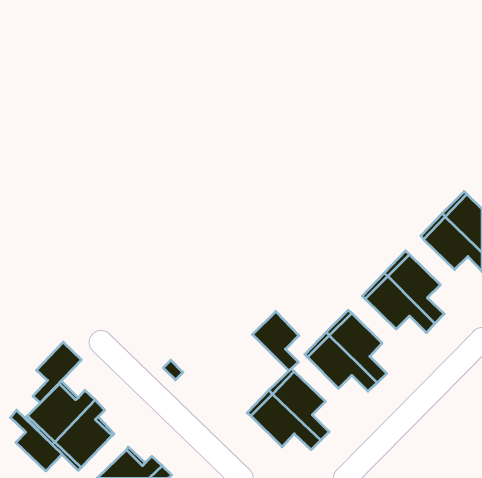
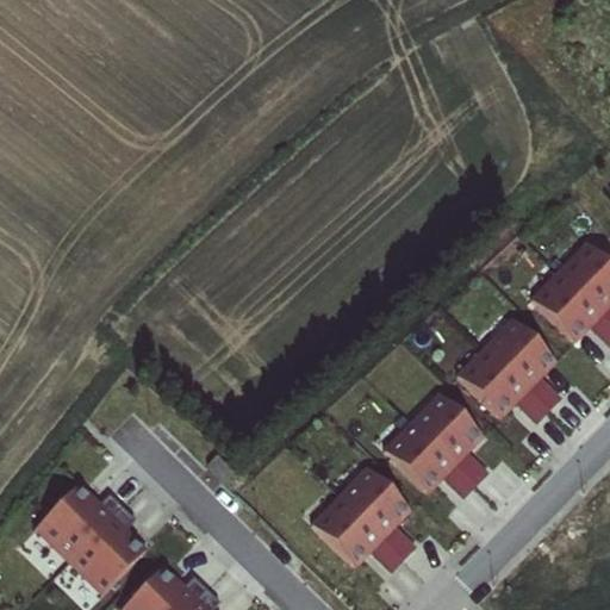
building: [252,311,299,371] -> none
building: [33,342,81,403] -> none
building: [10,410,62,471] -> none

